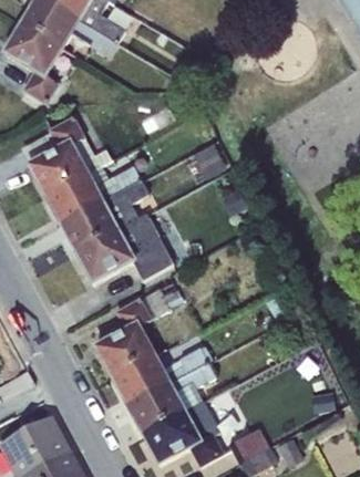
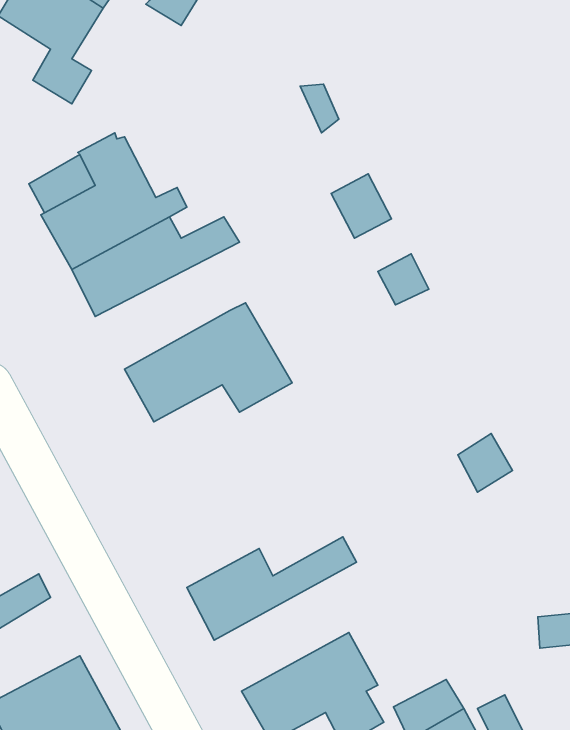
building: [60,180,150,252] -> none
building: [95,282,184,376] -> none
building: [127,362,216,435] -> none

